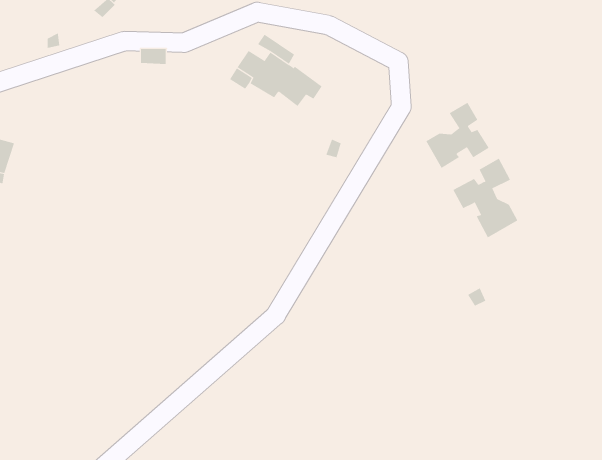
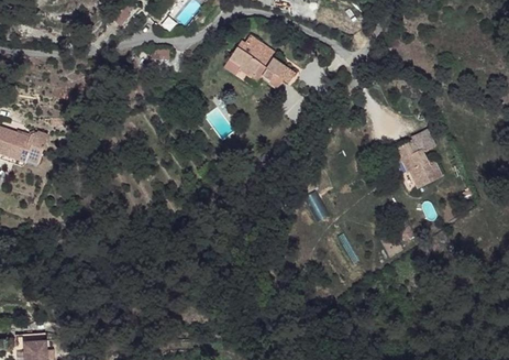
building: [426,102,489,169] -> none

